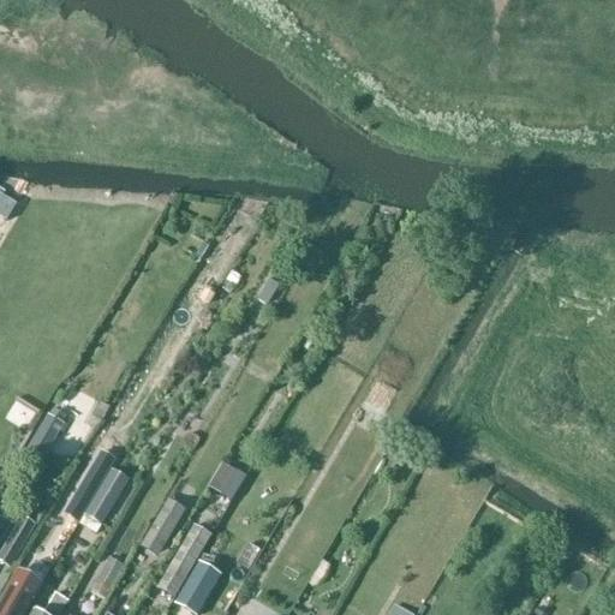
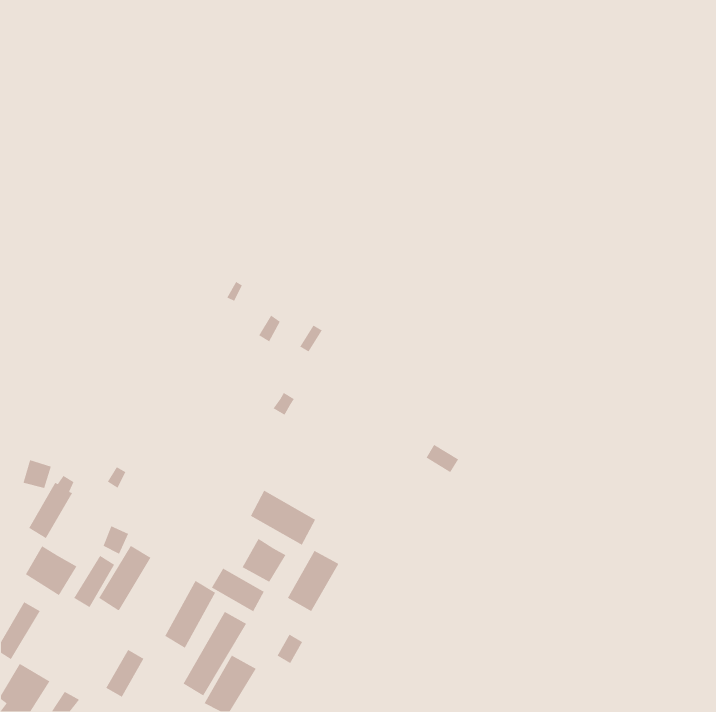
building: none -> [250,490,316,546]
building: none -> [25,545,78,596]
building: none -> [287,550,339,612]
building: none -> [211,567,265,612]

